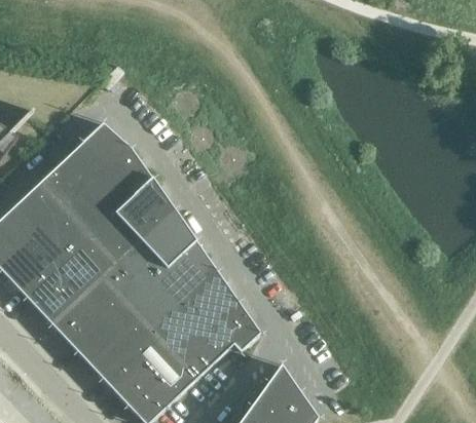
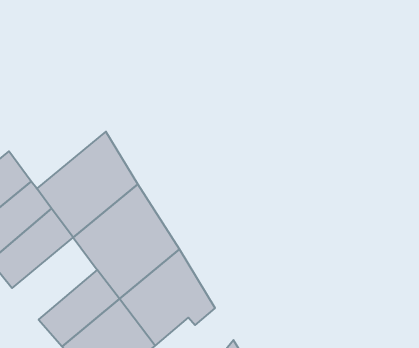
building: [39,122,138,219] -> none
building: [50,267,137,353] -> none

